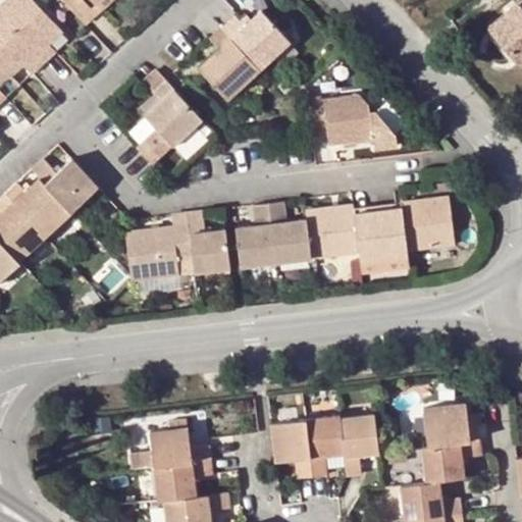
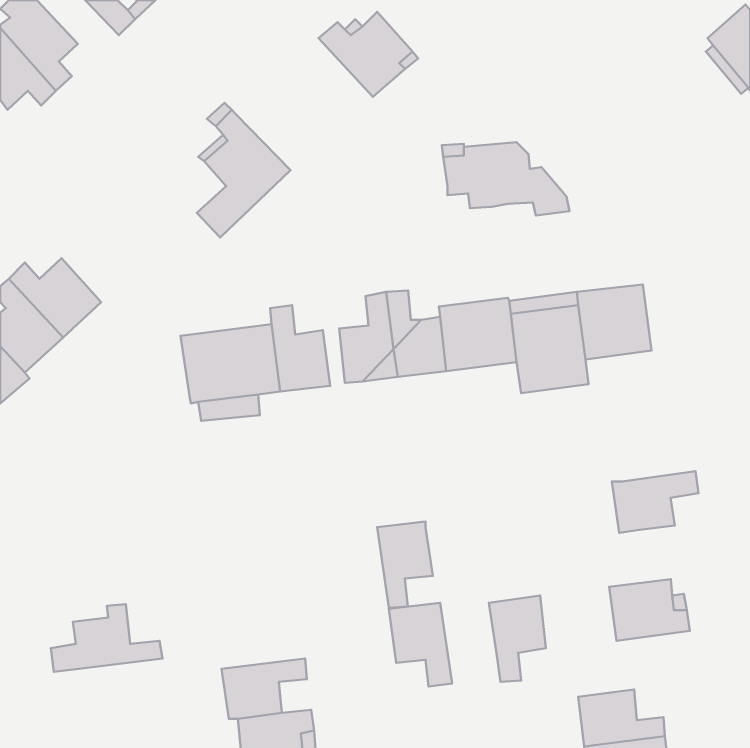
building: [201,28,259,97] -> none
building: [33,159,97,212] -> none
building: [306,416,345,476] -> [377,521,433,608]
building: [135,421,212,468] -> [51,604,163,672]
building: [421,439,481,482] -> [612,471,698,533]

